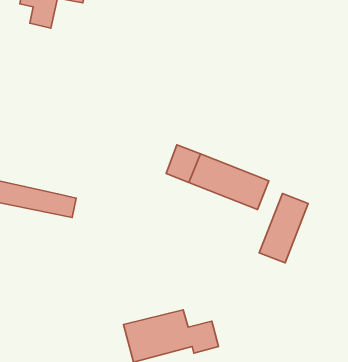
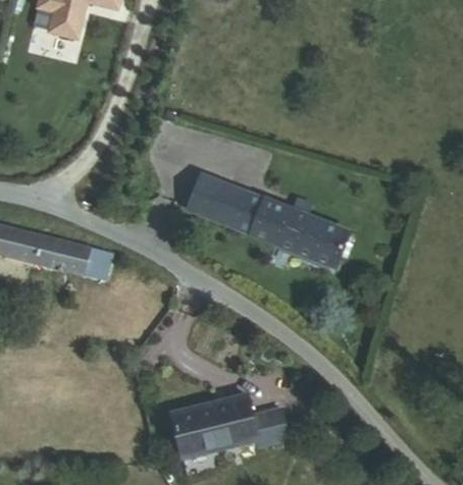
building: none -> [192,175,236,222]
building: [259,194,308,263] -> none

